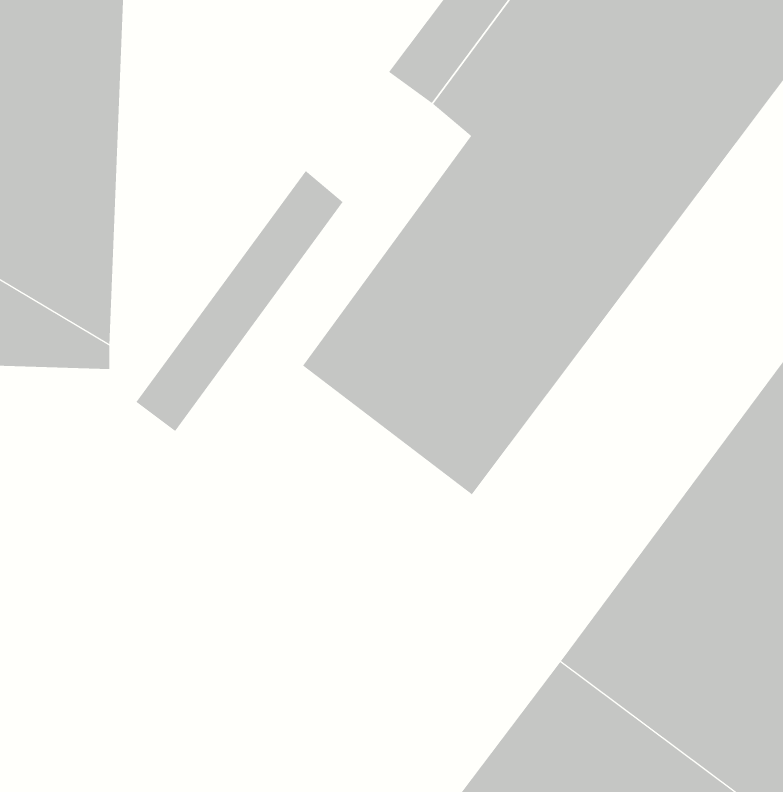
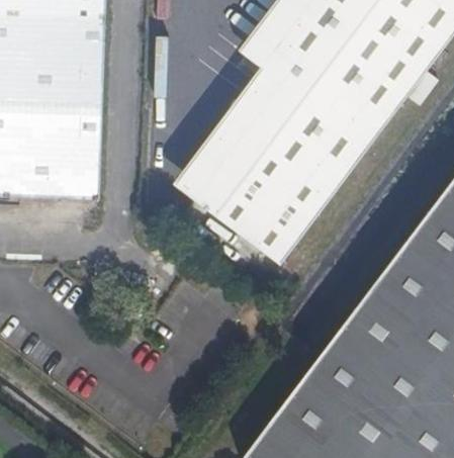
building: [136,170,343,432] -> [175,65,280,197]

